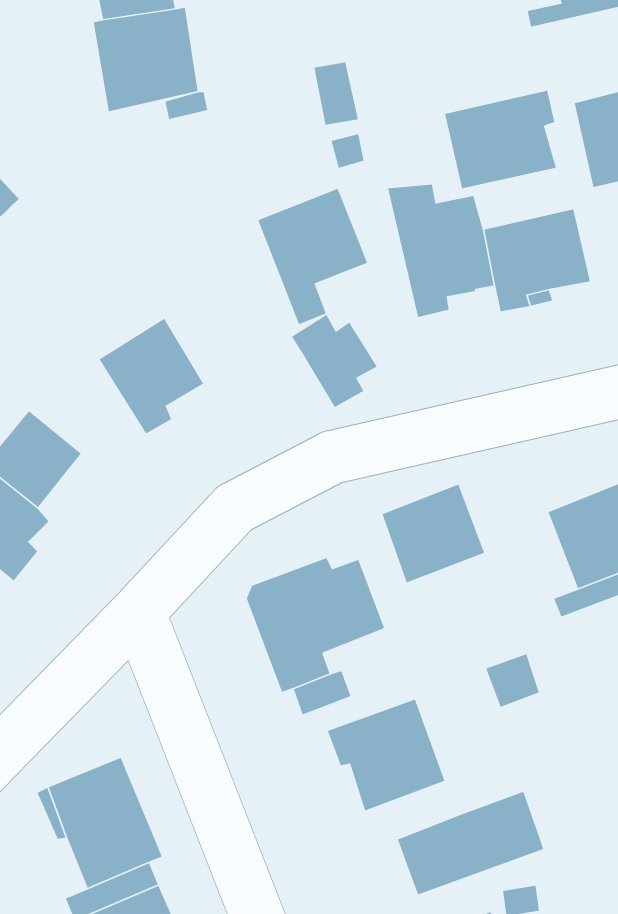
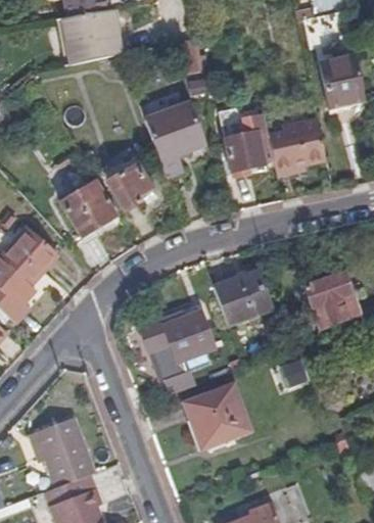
building: [444,90,557,189] -> none
building: [291,314,378,408] -> [102,159,149,210]
building: [397,791,544,895] -> none

